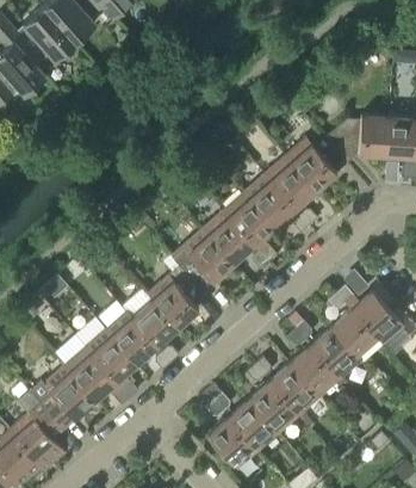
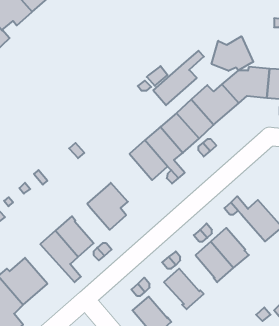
building: none -> [212,36,253,71]
building: none -> [153,51,204,105]
building: [172,228,234,291] -> none
building: [131,299,178,346] -> none
building: [331,308,377,354] -> none
building: [66,347,131,406] -> none
building: [269,362,319,413] -> none
building: [229,397,275,445] -> none

